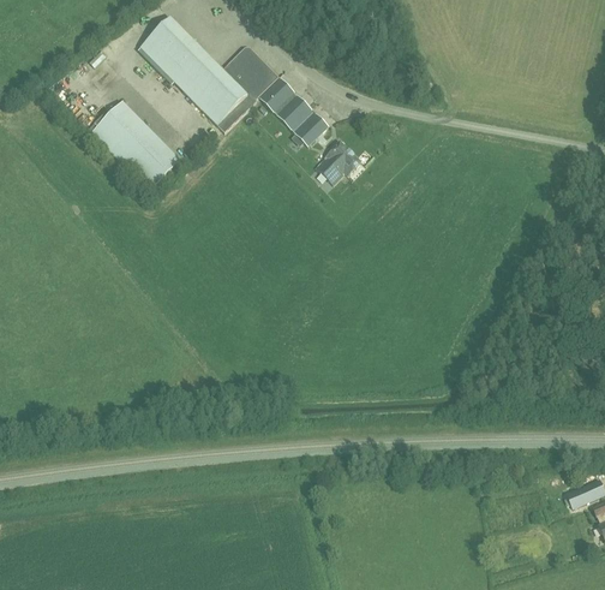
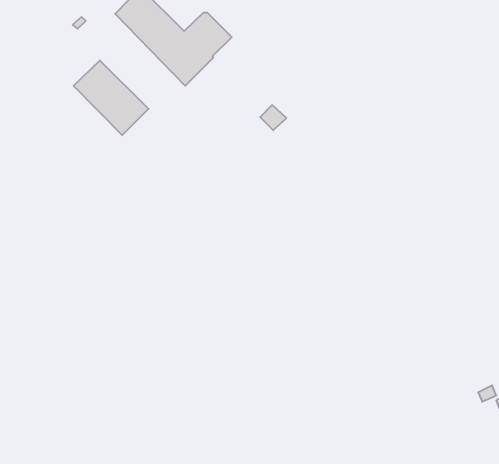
building: [258,76,328,145] -> none
building: [325,141,360,174] -> none

